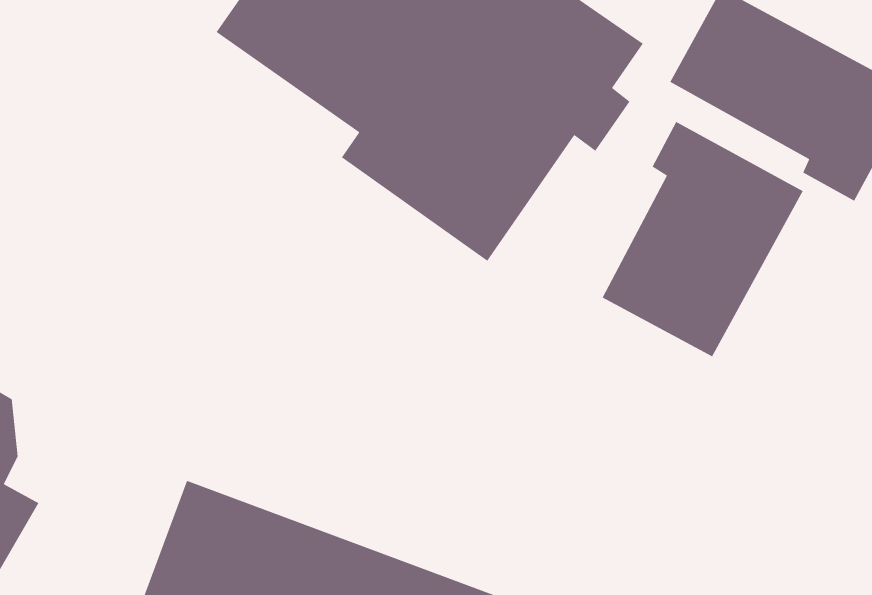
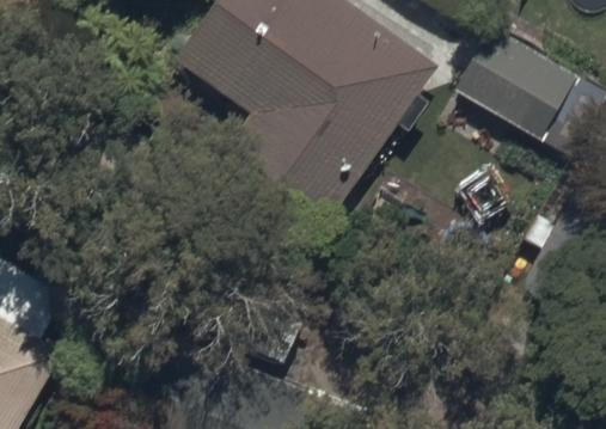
building: [601,121,804,358] -> none

